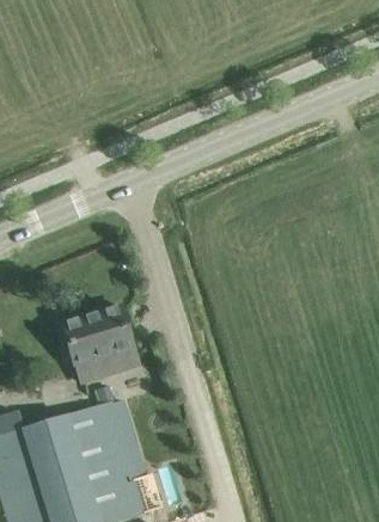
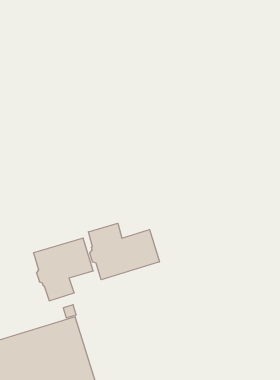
building: none -> [88,223,159,280]

